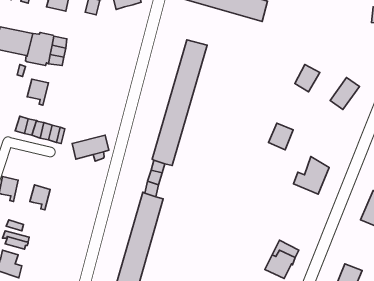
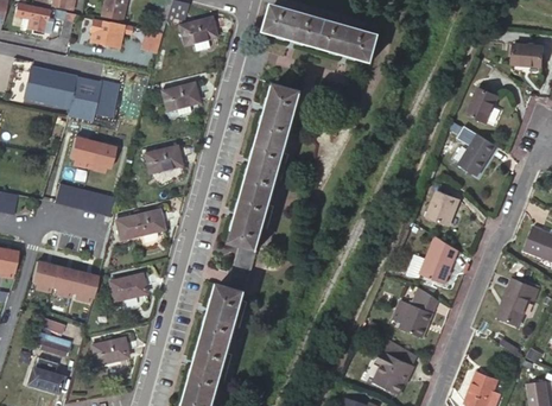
building: none -> [159,84,195,112]
building: [295,64,320,92] -> [469,89,501,125]
building: none -> [87,141,115,171]
building: none -> [141,147,179,176]
building: [269,123,293,150] -> [426,192,458,227]
building: none -> [50,267,76,300]
building: none -> [107,274,145,303]
building: none -> [392,287,437,337]
building: none -> [91,338,128,366]

